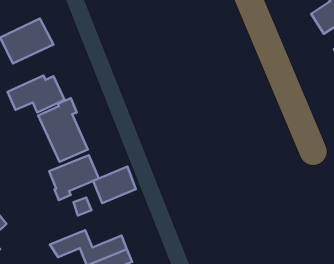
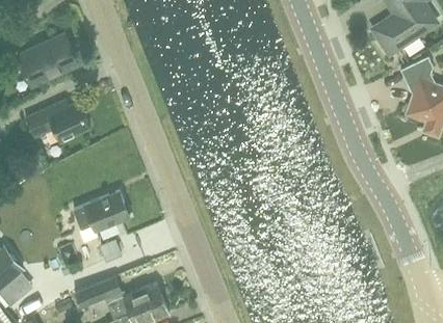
building: [38,98,88,162] -> none
building: [93,167,136,203] -> none

